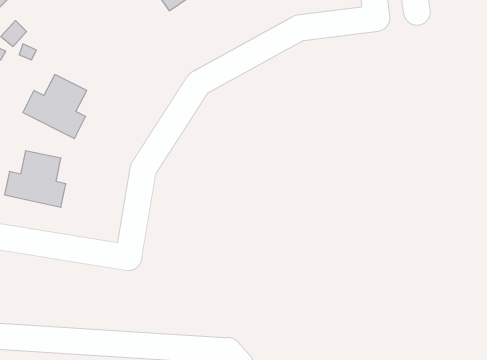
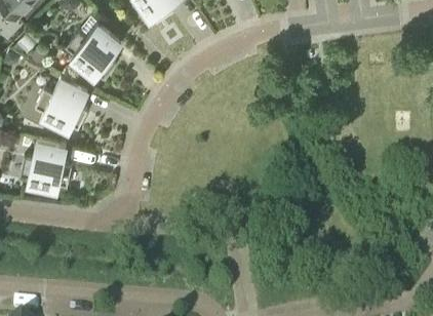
building: none -> [66,23,121,78]

